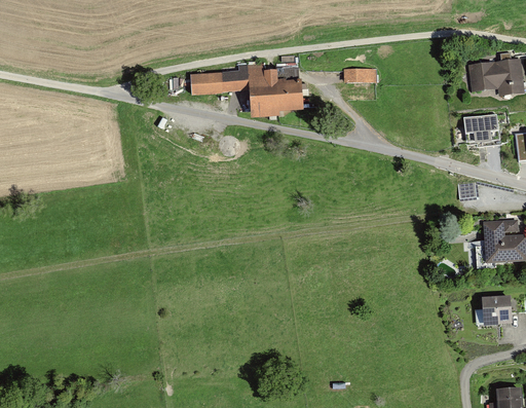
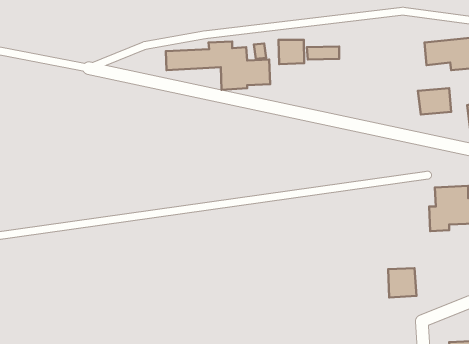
building: none -> [279,40,304,64]
building: [483,296,514,328] -> [388,268,417,298]

